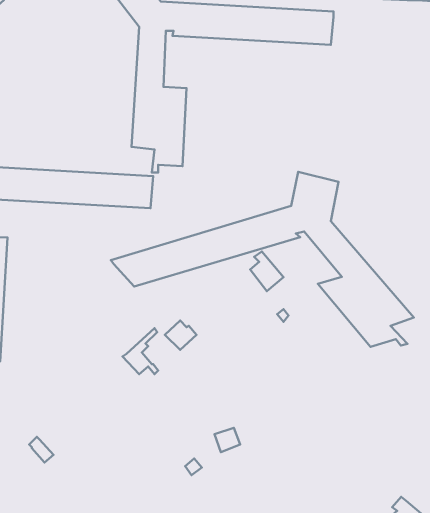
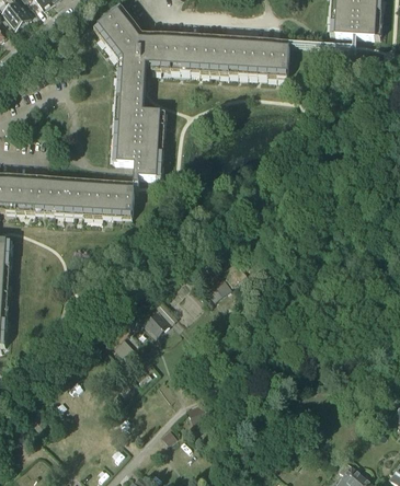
building: [111,172,414,347] -> none

